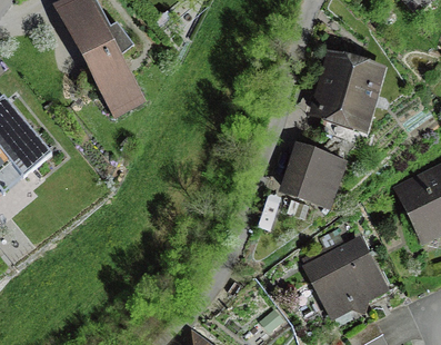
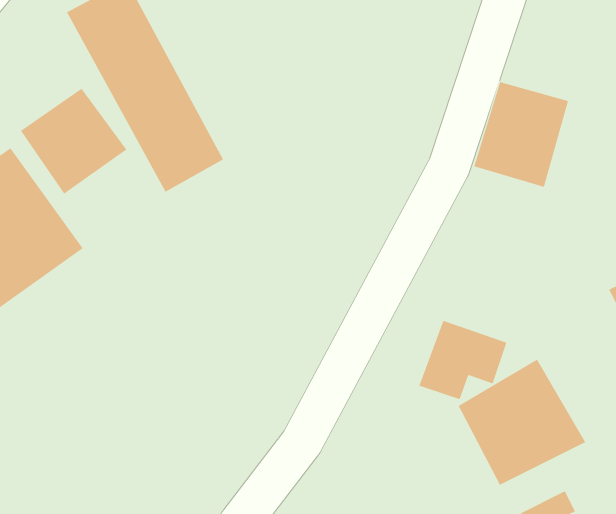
building: none -> [20,88,127,195]
building: [282,145,339,196] -> [419,320,507,400]

